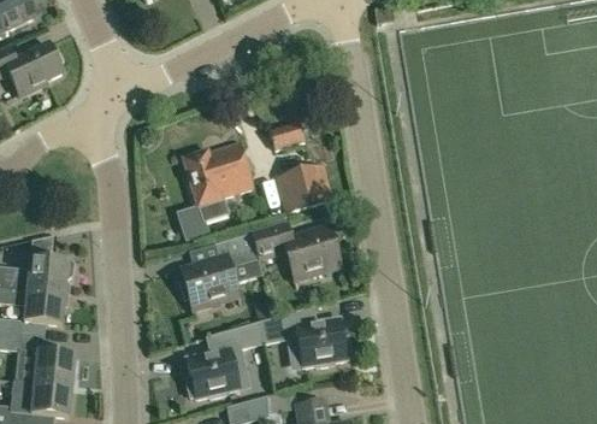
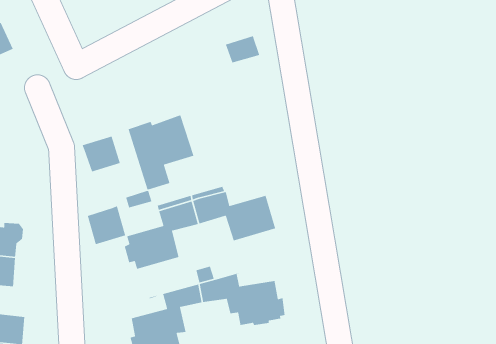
building: [267,119,305,149] -> [225,35,260,64]
building: [274,161,332,213] -> none
building: none -> [81,135,121,172]
building: none -> [87,205,126,245]

